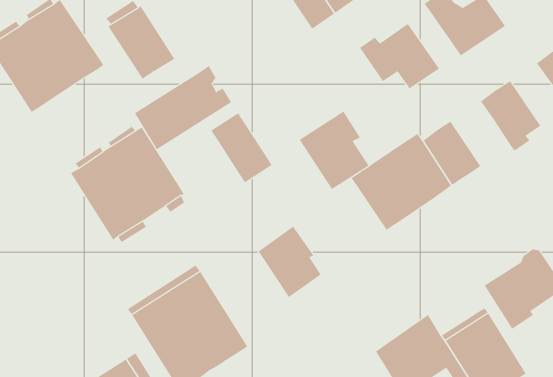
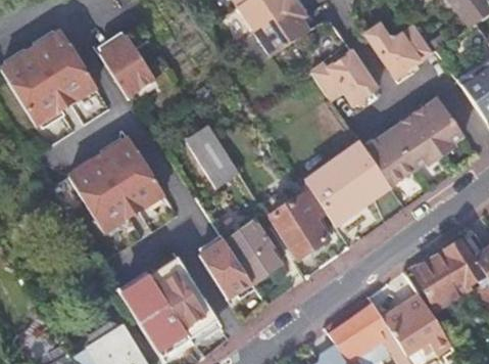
building: [134,65,232,150] -> none
building: none -> [387,116,440,170]
building: [299,111,369,190] -> [267,190,327,257]
building: none -> [199,239,256,299]

